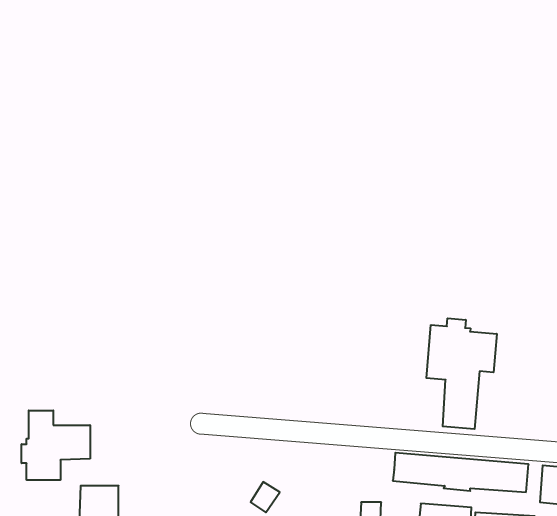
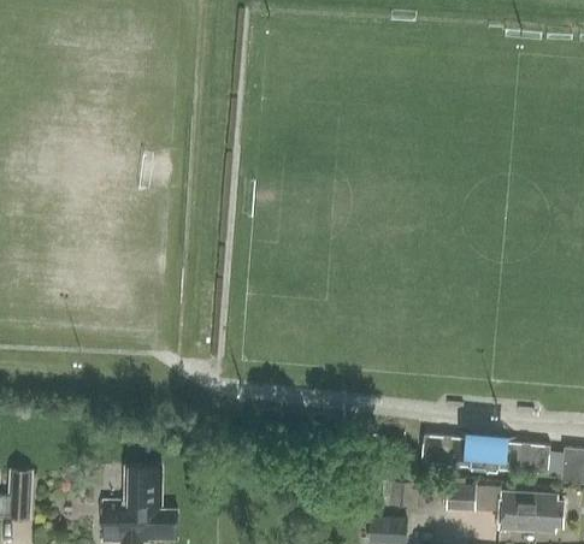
building: [426,318,497,429] -> none
building: [22,410,90,480] -> none

